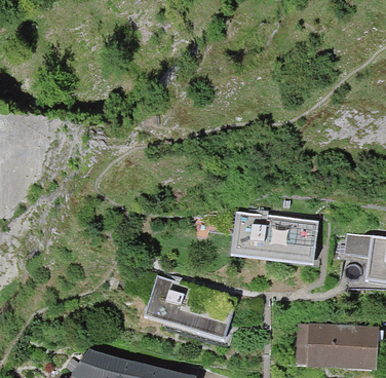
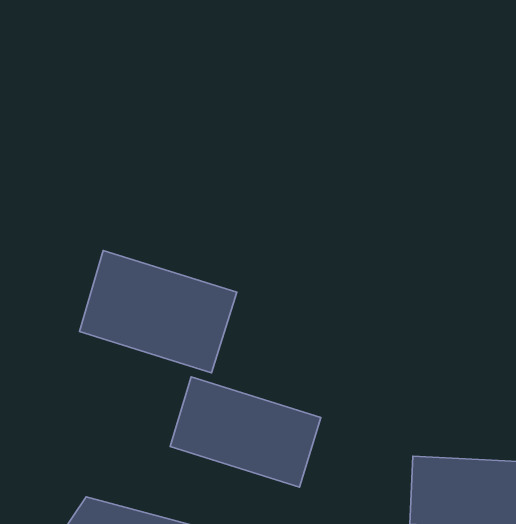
building: none -> [79,250,237,373]
building: [229,211,317,266] -> none

